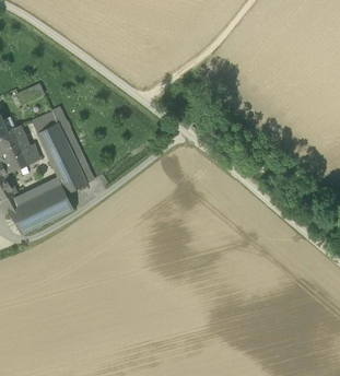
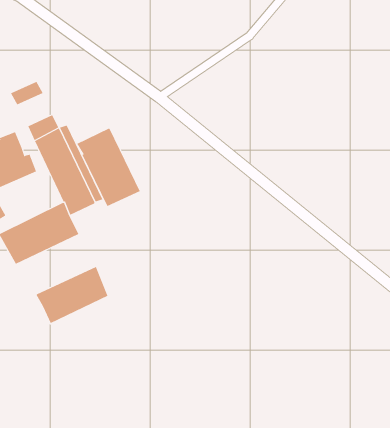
building: none -> [77,128,140,207]
building: none -> [36,266,108,324]

